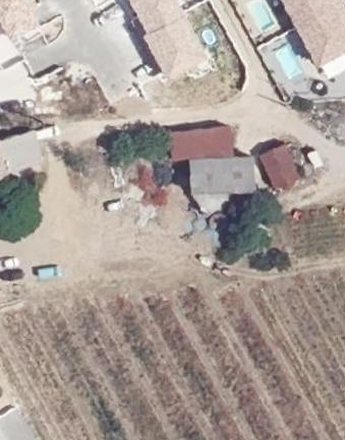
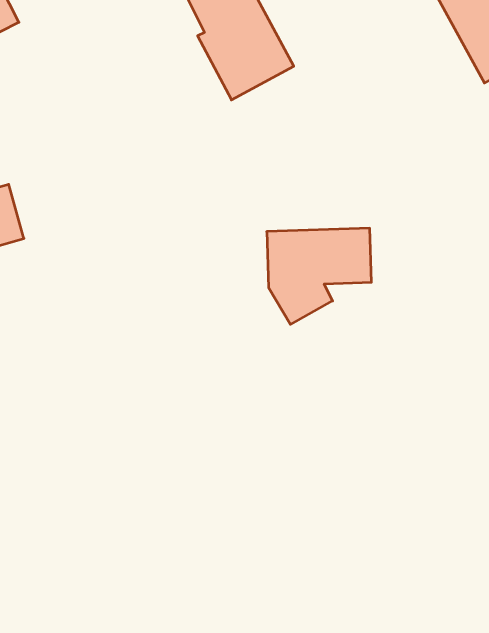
building: [166,124,229,157] -> none
building: [258,144,298,187] -> none

